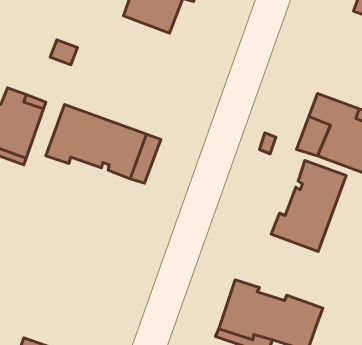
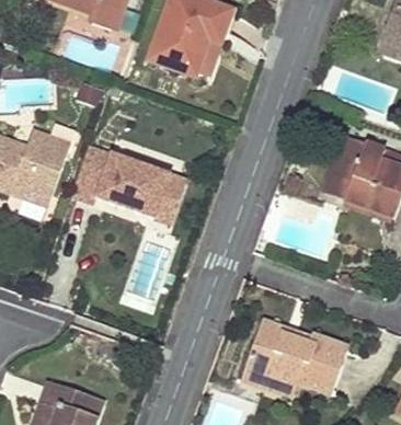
building: [271,161,346,251] -> none

